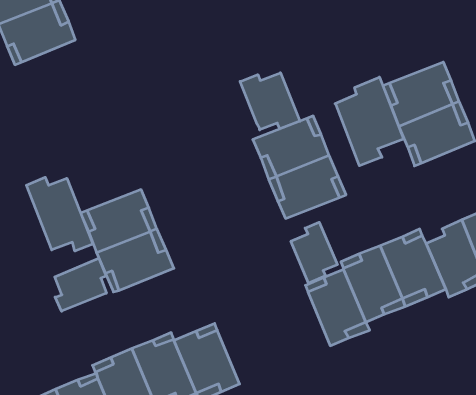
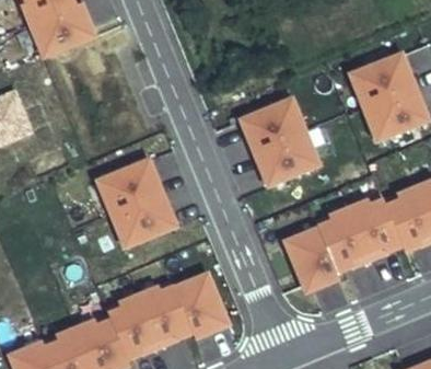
building: [240,73,300,130] -> none
building: [335,77,404,166] -> none
building: [26,177,93,251] -> none
building: [291,222,337,283] -> none
building: [55,258,106,311] -> none

